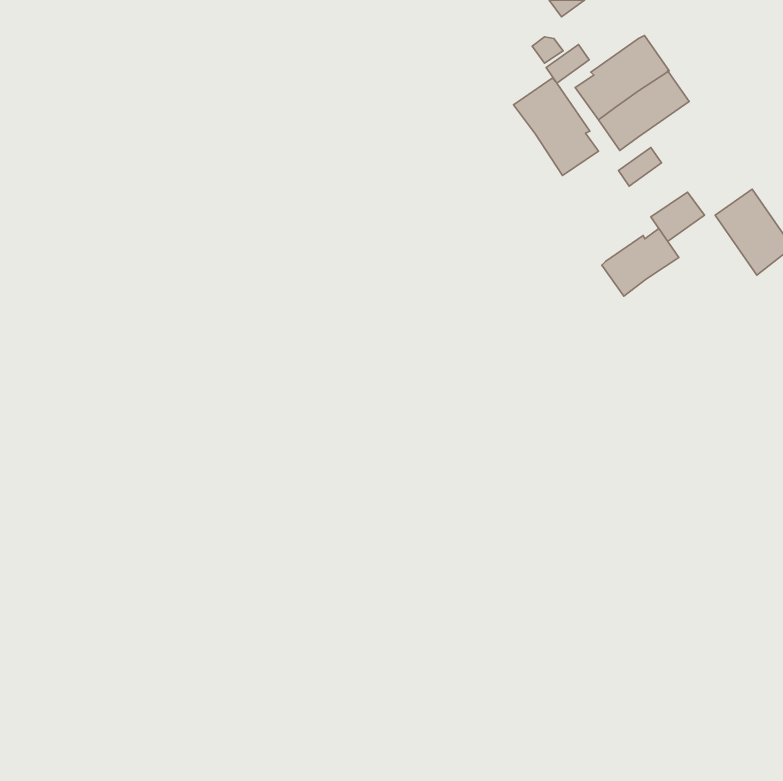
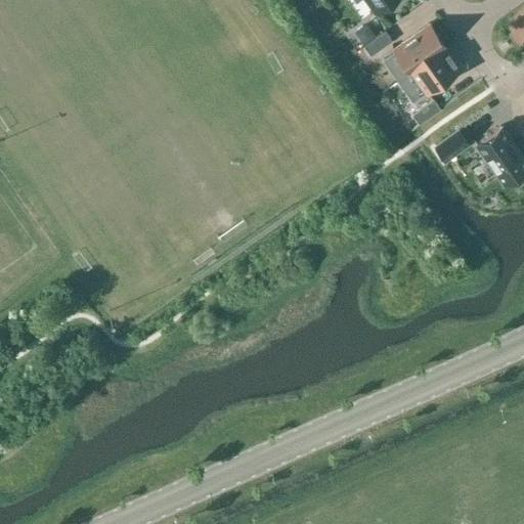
building: [514,78,598,175] -> none
building: [602,229,679,296] -> none

